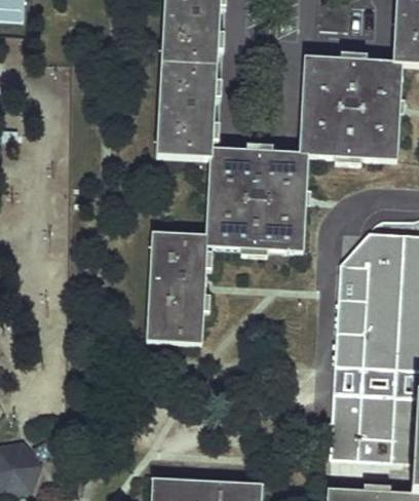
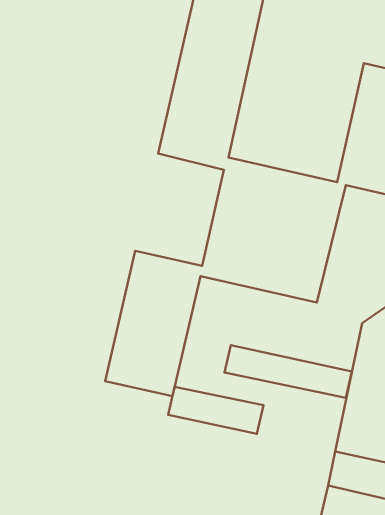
building: none -> [224,345,352,398]
building: none -> [168,387,263,434]

